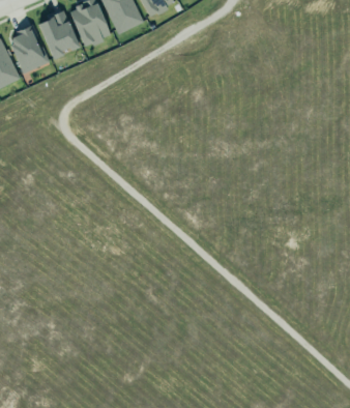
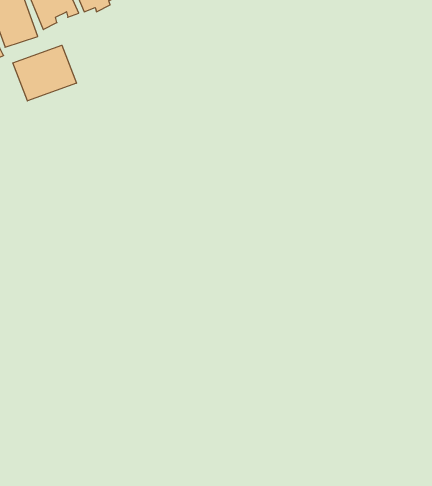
building: none -> [13,45,76,101]

